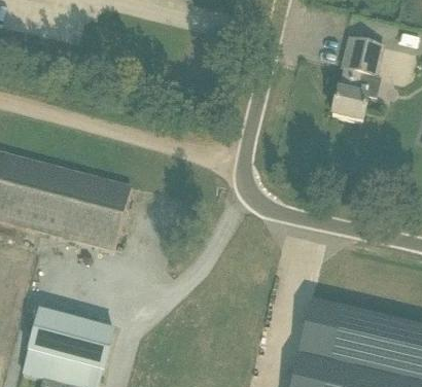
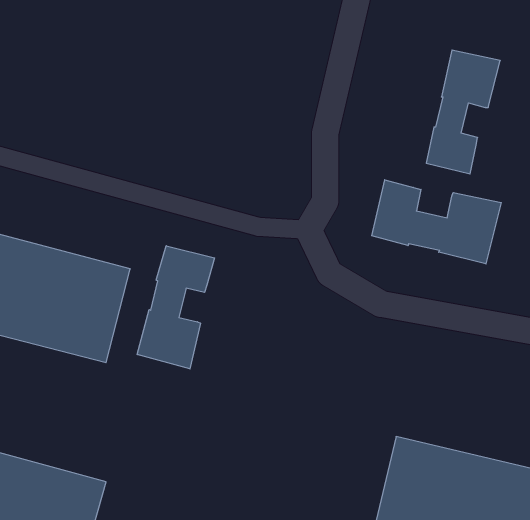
building: none -> [372,180,501,264]
building: none -> [137,246,215,369]

